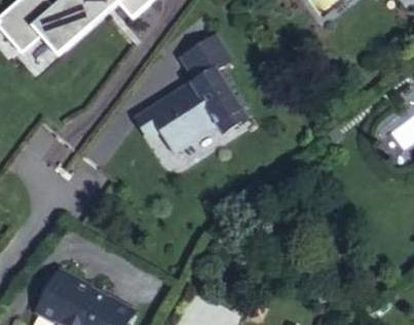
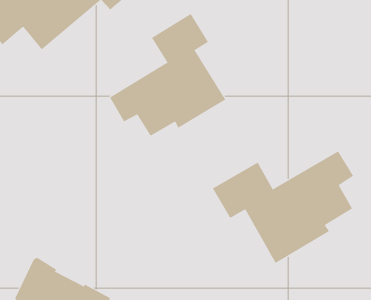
building: none -> [212,150,354,264]

